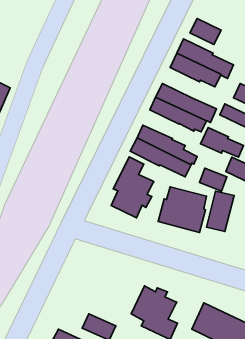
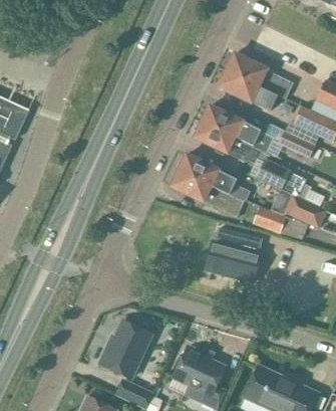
building: [190,19,221,44] -> none
building: [111,157,154,218] -> none
building: [206,191,234,231] -> none
building: none -> [97,321,150,379]

